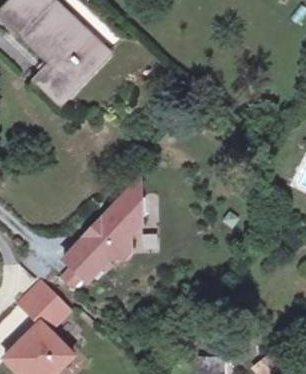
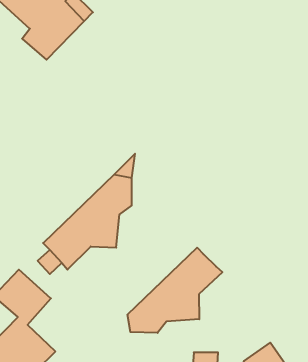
building: none -> [128,248,222,333]

